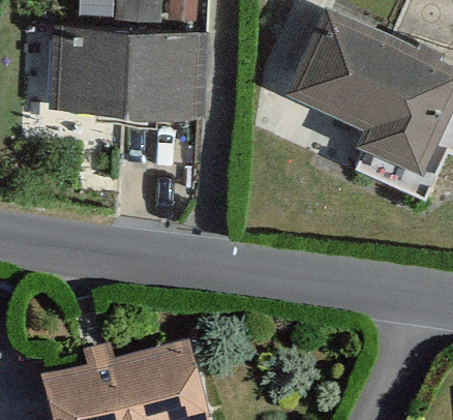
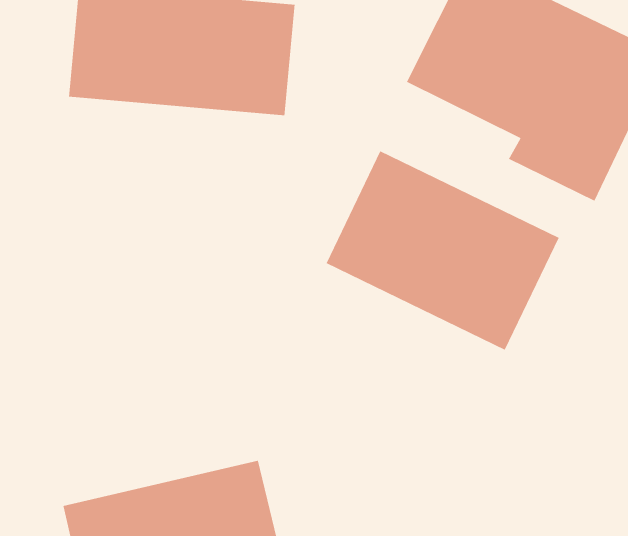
building: none -> [325,150,560,351]

